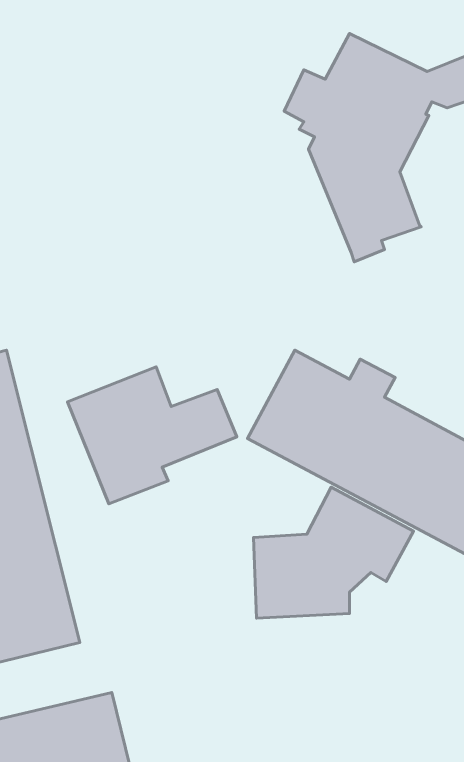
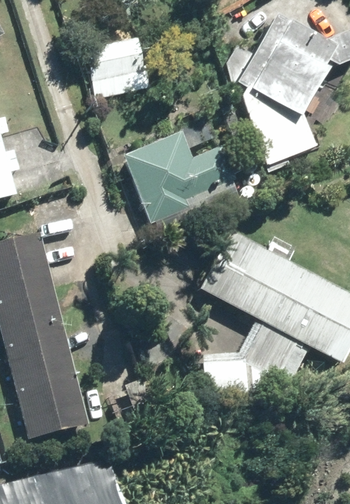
building: none -> [87,37,149,98]
building: [68,367,237,504] -> [121,134,232,224]

